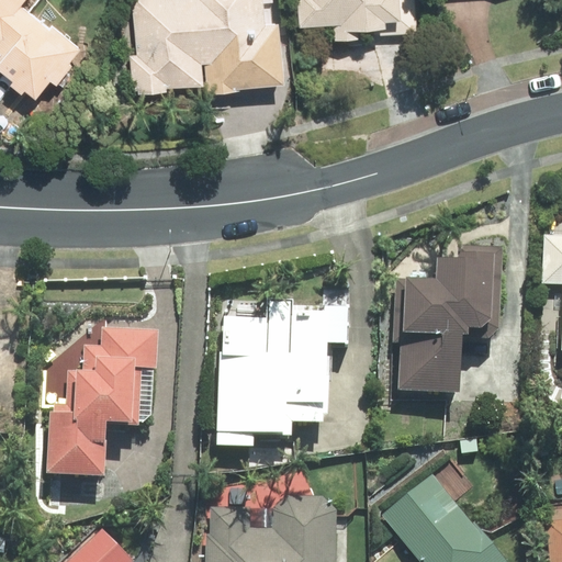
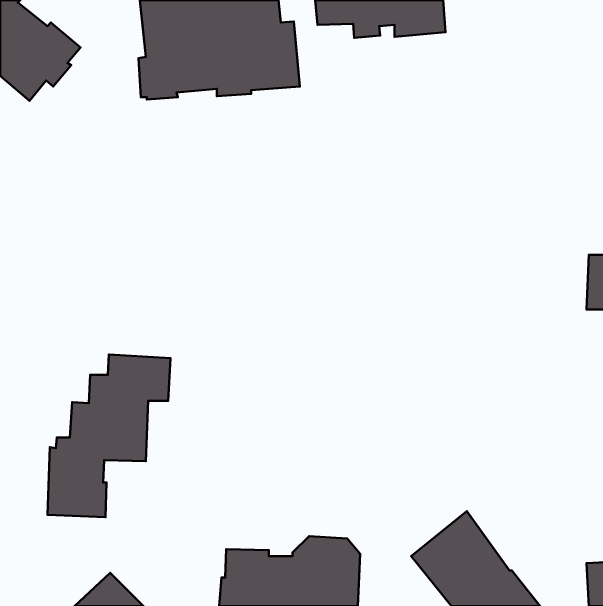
building: [395,246,504,396] -> none
building: [213,300,344,438] -> none

